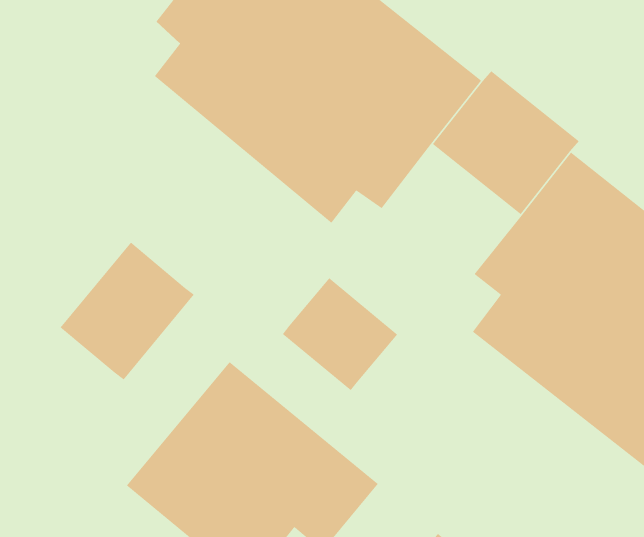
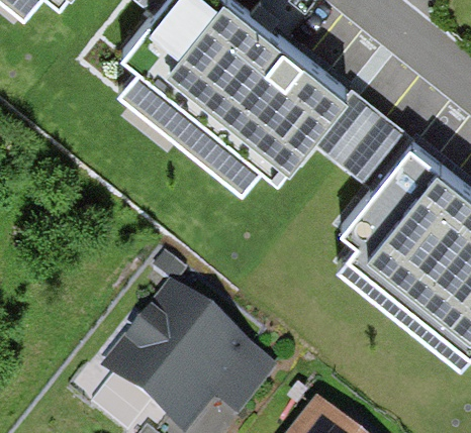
building: [60,242,195,381] -> none
building: [282,277,398,391] -> none

